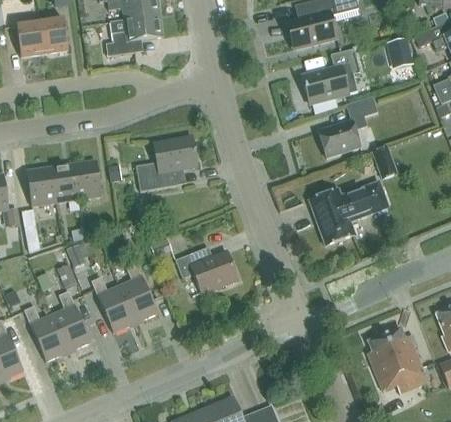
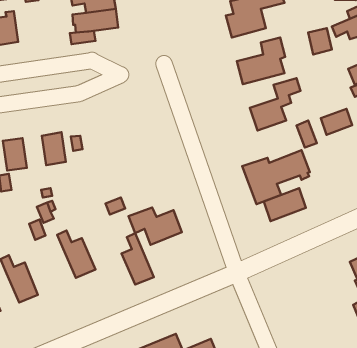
building: [40,16,69,53] -> none
building: none -> [321,109,352,135]
building: [136,137,198,191] -> none
building: [50,164,78,202] -> none
building: none -> [264,188,306,221]
building: [120,261,158,322] -> [122,233,154,285]
building: [53,290,91,352] -> none
building: [368,327,426,391] -> none

